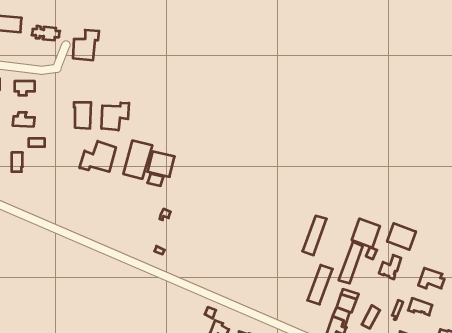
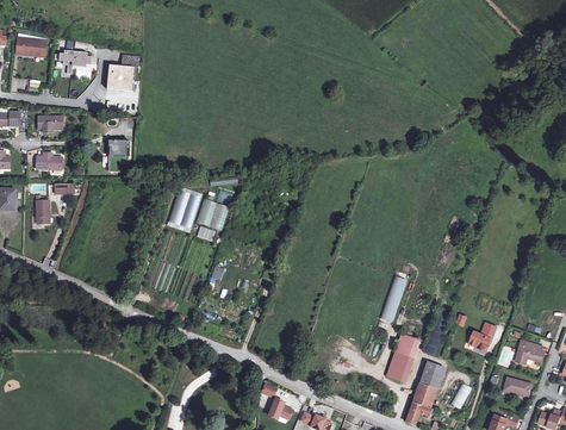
building: [102,103,129,130] -> none
building: [80,141,116,172] -> none
building: [352,219,380,248] -> none
building: [387,223,416,250] -> none

